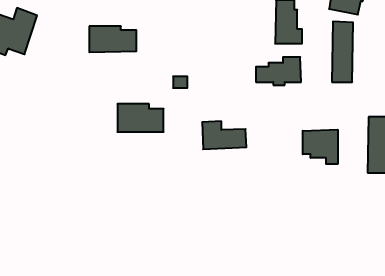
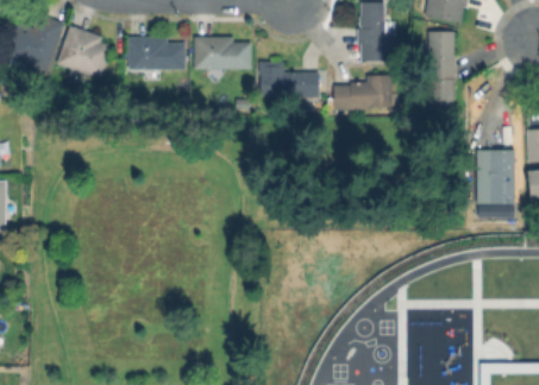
building: none -> [58,26,112,77]
building: [117,104,164,132] -> [194,36,251,70]
building: [202,121,246,149] -> [261,62,315,96]
building: [303,130,338,164] -> none

